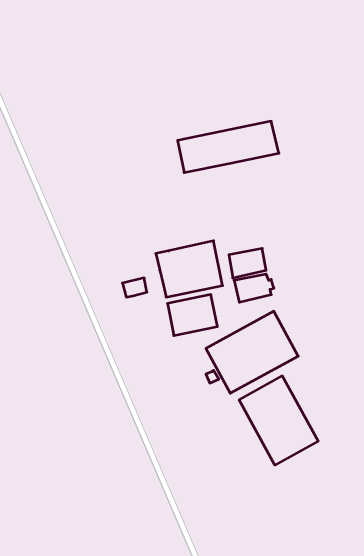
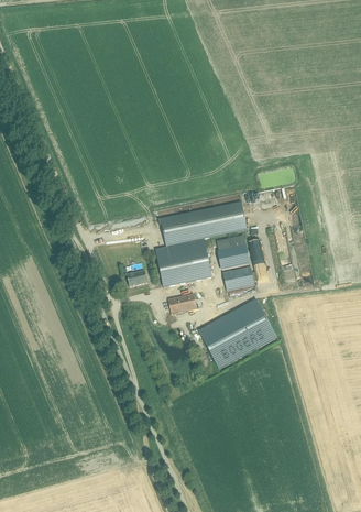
building: [178,121,279,173] -> [160,201,247,246]
building: [239,376,318,465] -> none

